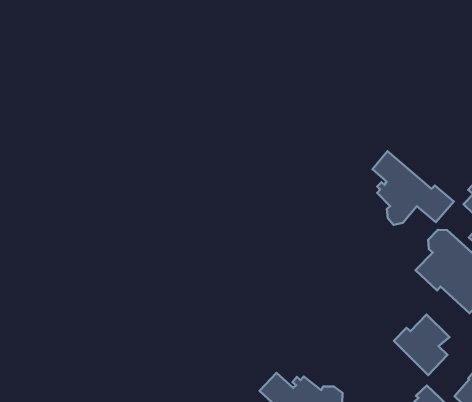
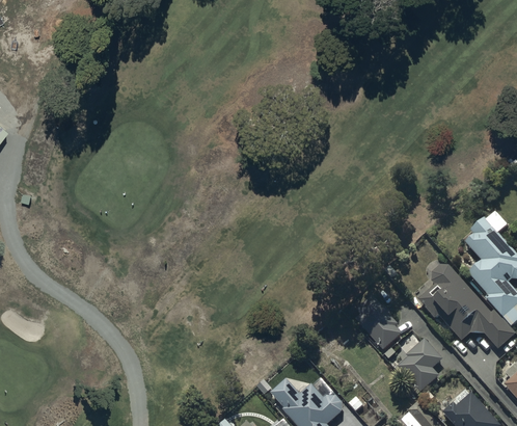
building: [373,151,454,225] -> none
building: none -> [355,296,403,350]

